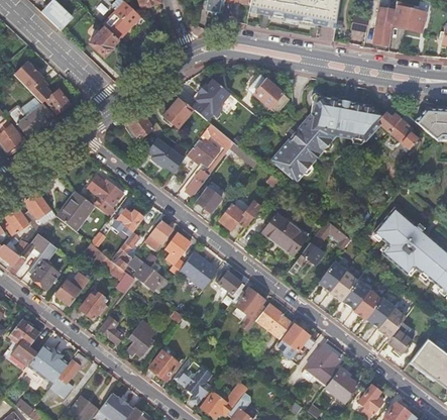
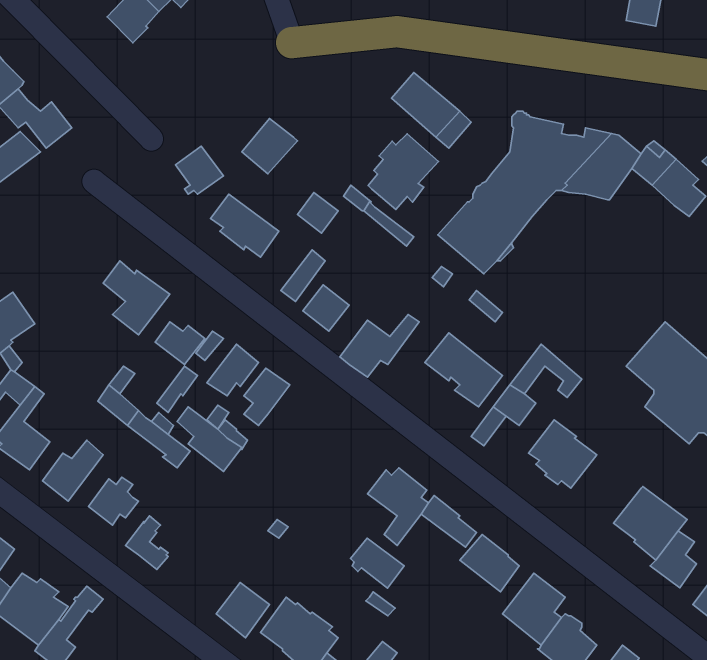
building: [192,79,230,120] -> [368,134,438,209]
building: [58,192,94,230] -> none
building: [180,252,218,289] -> none
building: [216,270,245,297] -> [350,538,404,588]
building: [342,280,381,320] -> none
building: [127,322,153,356] -> none

